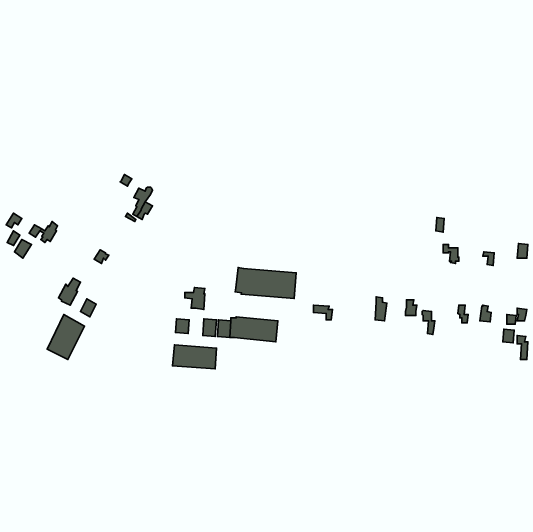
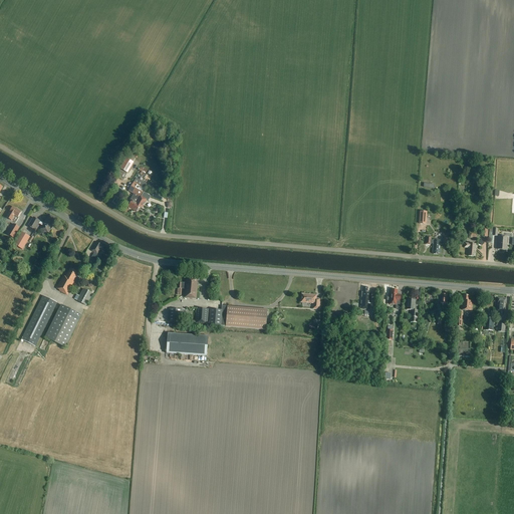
building: [235,268,296,299] -> none
building: none -> [22,294,58,344]

